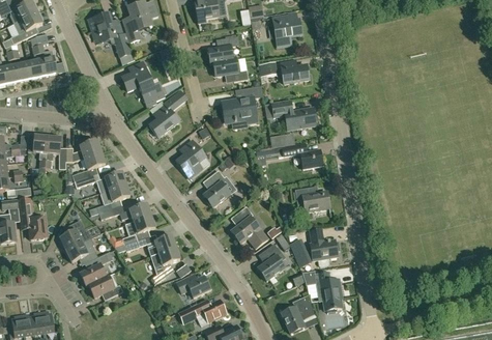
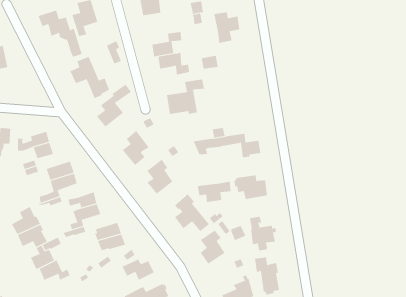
building: [281,59,309,83] -> none
building: [271,100,316,130] -> none
building: none -> [197,181,231,203]

